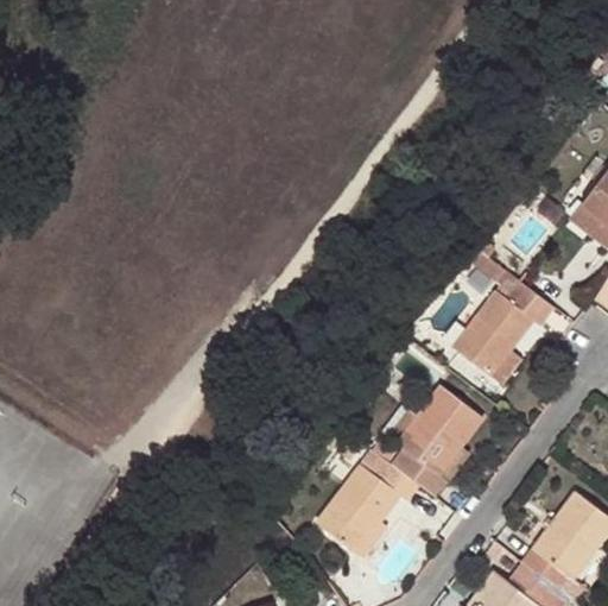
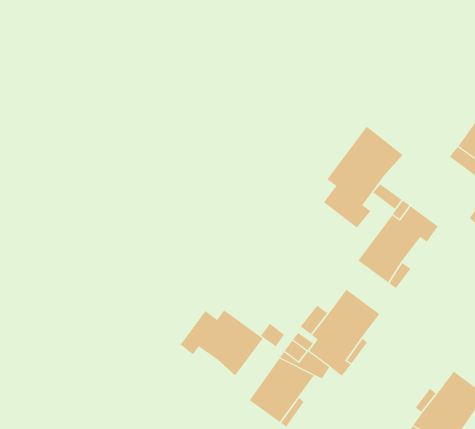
building: none -> [323,126,404,229]
building: none -> [180,310,263,376]

